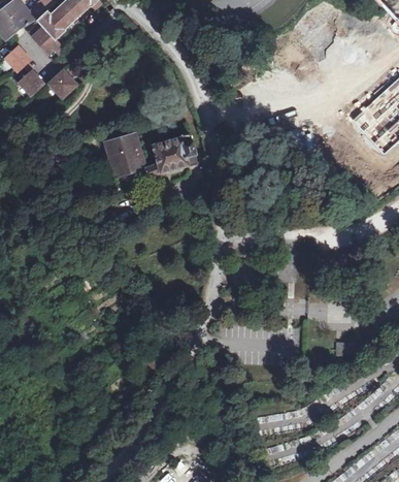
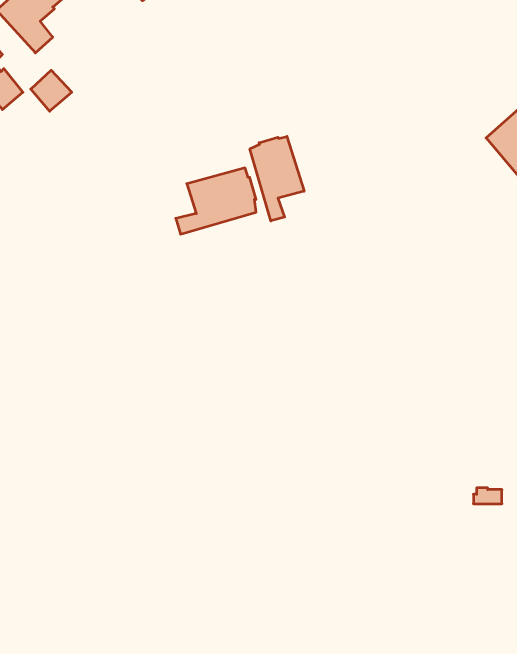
building: none -> [250,136,304,221]
building: [107,135,145,173] -> none

